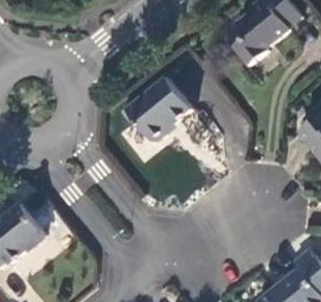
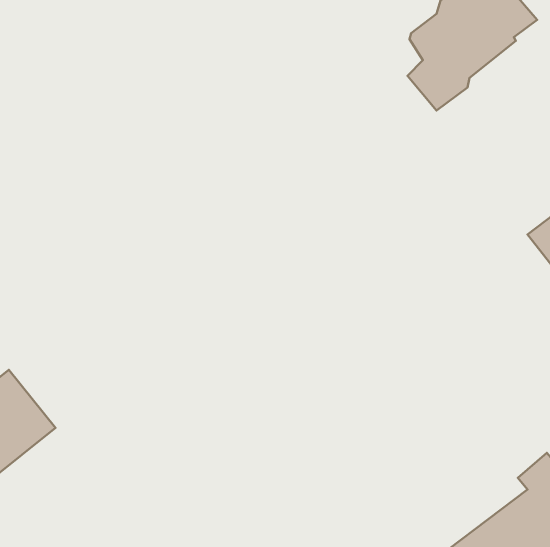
building: [122,78,190,142] -> none

